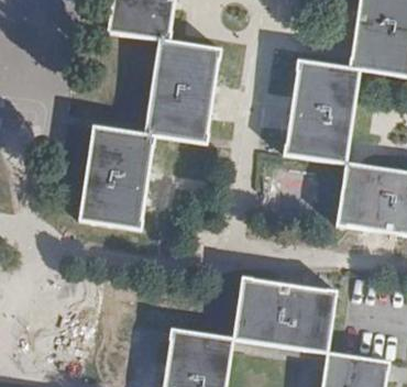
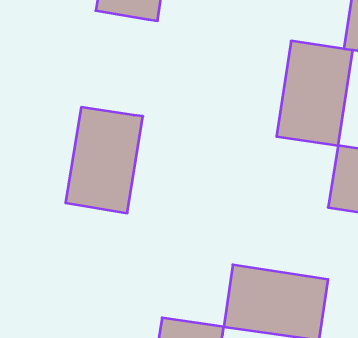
building: [145,38,220,142] -> none

